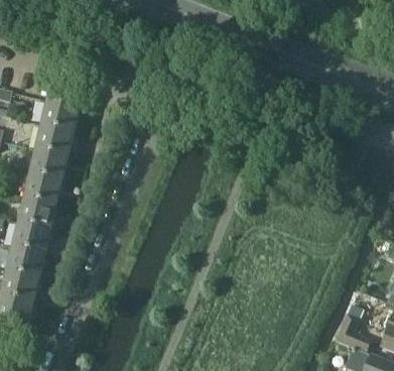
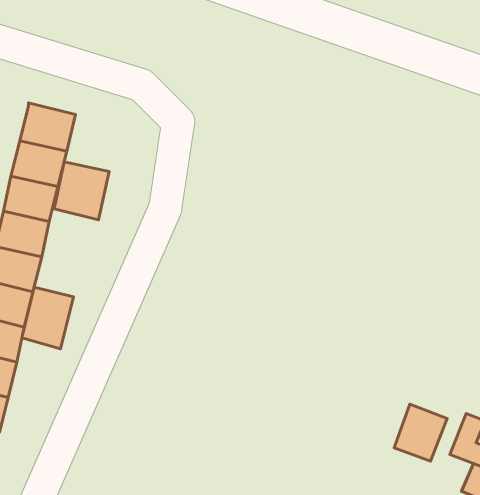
building: none -> [54,162,109,220]
building: none -> [22,287,73,349]
building: none -> [394,404,447,461]

